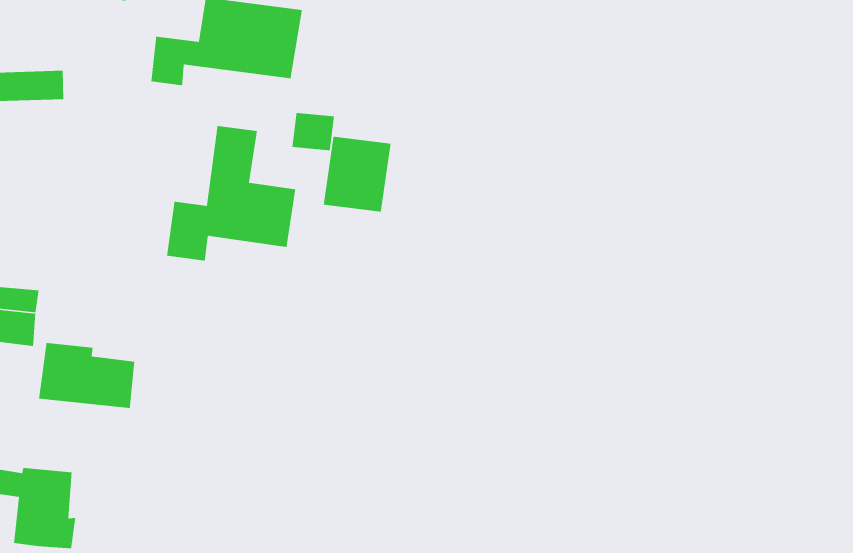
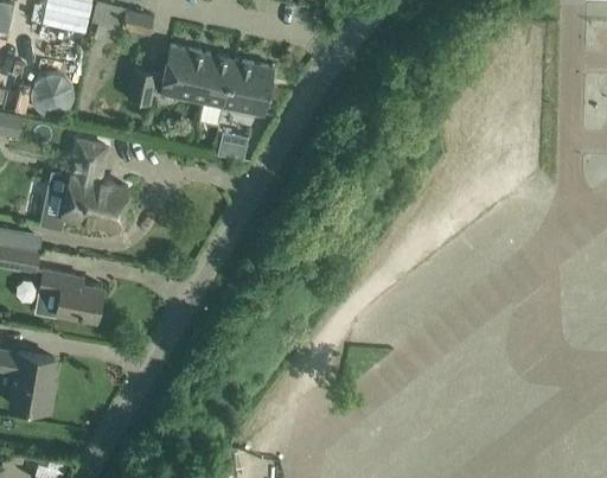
building: [166,125,296,262] -> [37,140,128,231]
building: [323,136,392,213] -> [224,59,274,114]

